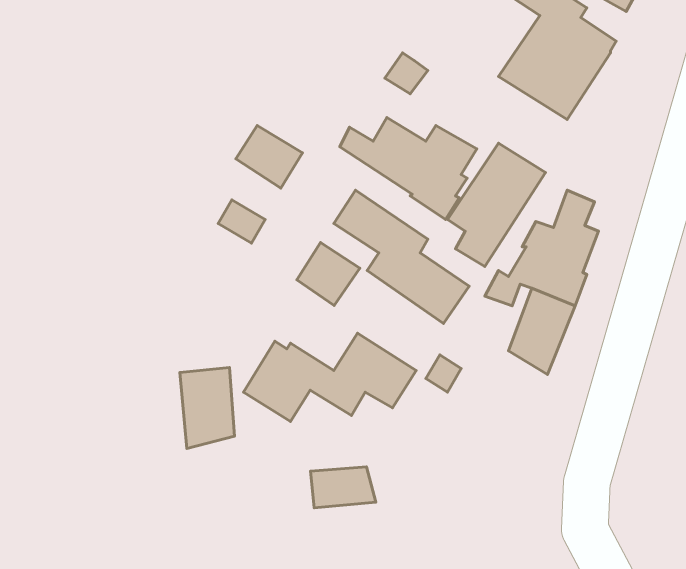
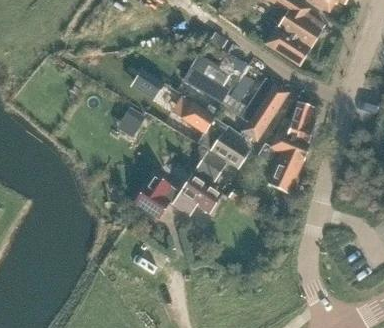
building: [297,243,360,305] -> [194,150,226,182]
building: [180,367,235,448] -> none
building: [310,467,376,508] -> none

